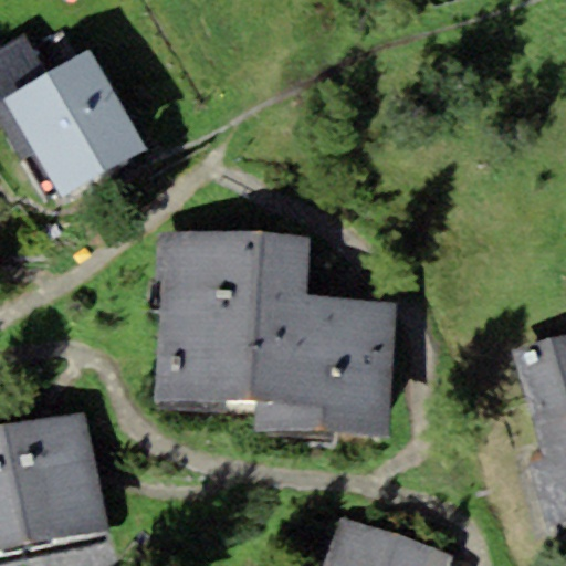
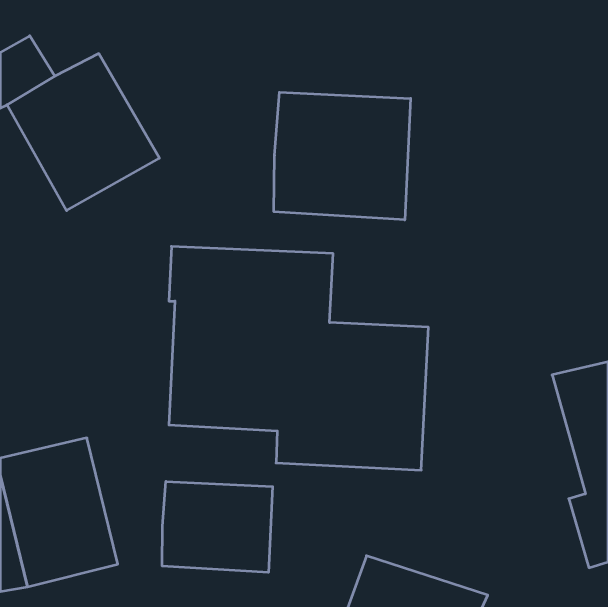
building: none -> [274,92,411,220]
building: none -> [162,481,273,572]

